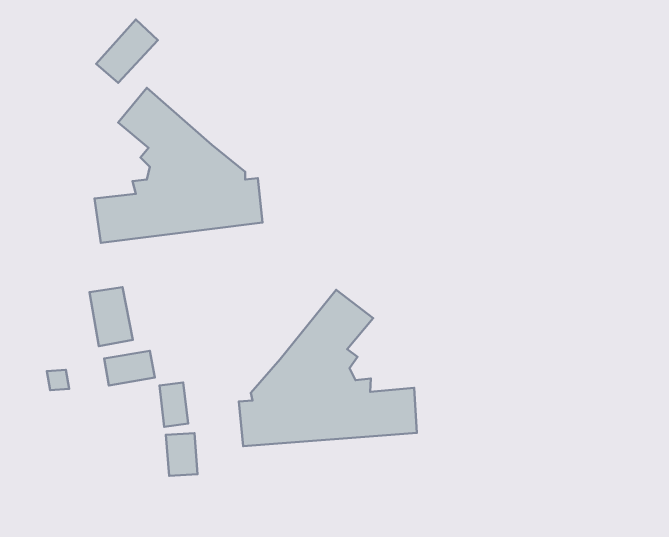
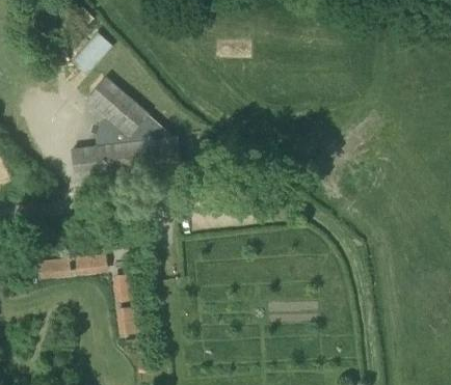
building: [90,287,133,346] -> none
building: [239,290,417,446] -> none

